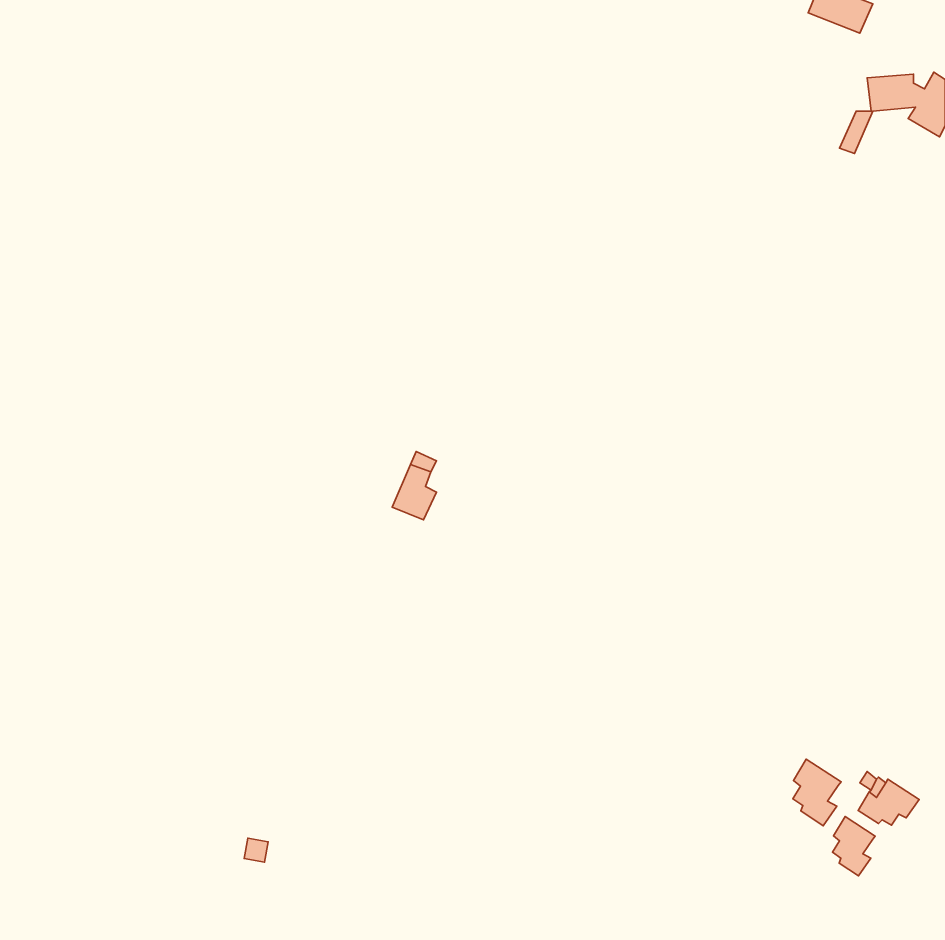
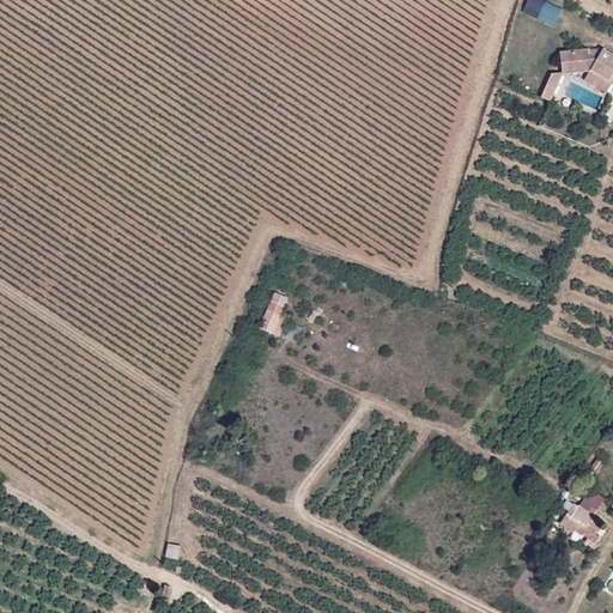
building: [793,759,841,826] -> none
building: [832,816,875,876] -> none

